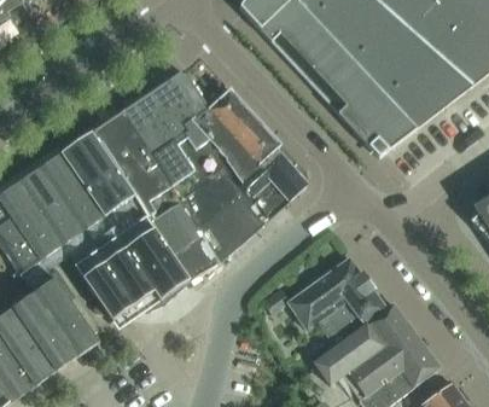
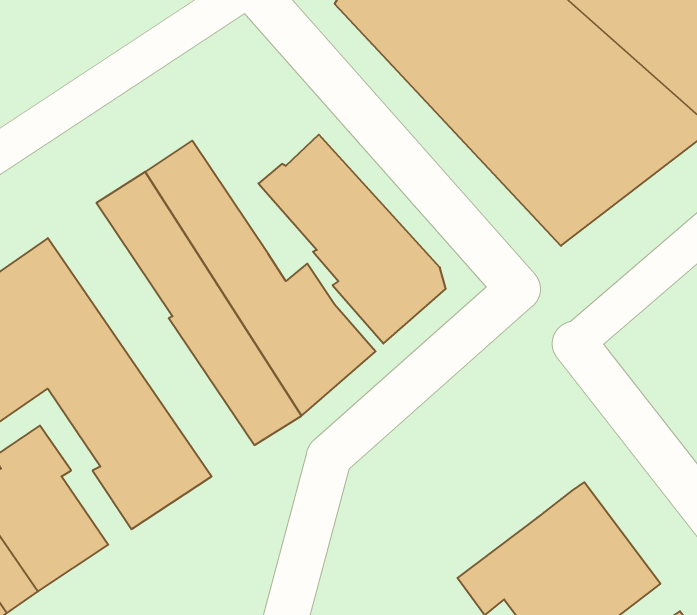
building: [151,71,216,161] -> none
building: [62,129,190,298] -> none
building: [264,257,386,345] -> none

